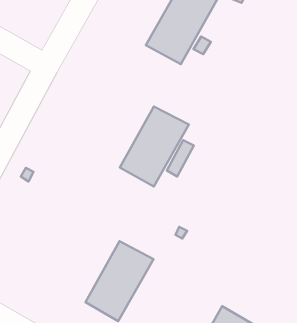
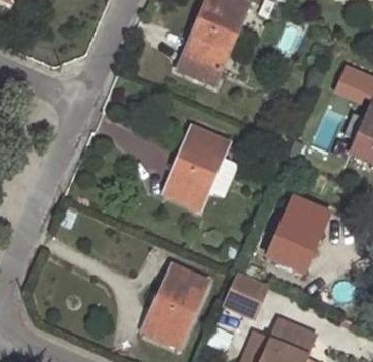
building: none -> [266,196,328,270]
building: none -> [223,270,267,316]

